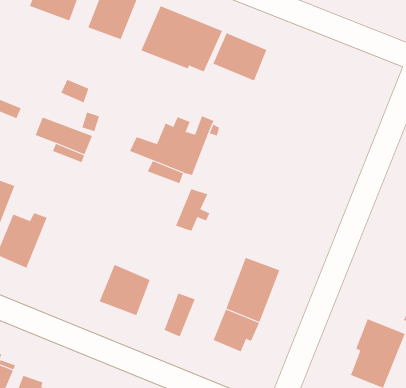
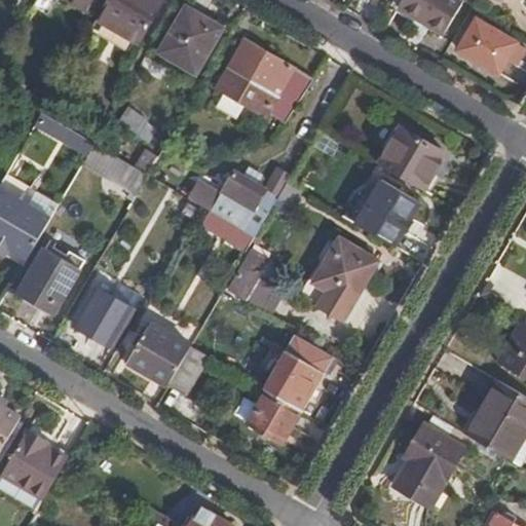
building: [213,32,267,81] -> [378,133,442,192]
building: none -> [358,183,420,247]
building: none -> [313,239,376,321]
building: none -> [72,286,133,344]
building: [163,293,195,337] -> [164,345,205,396]

